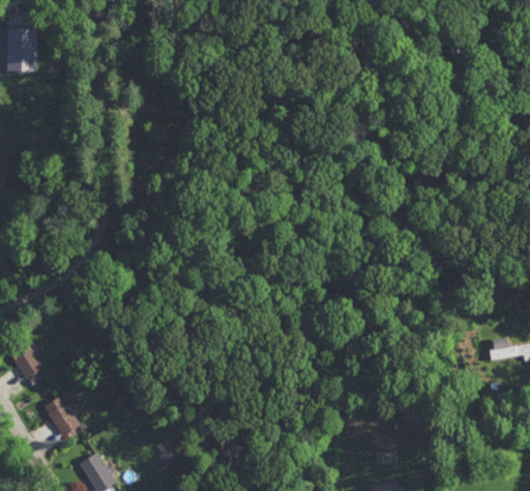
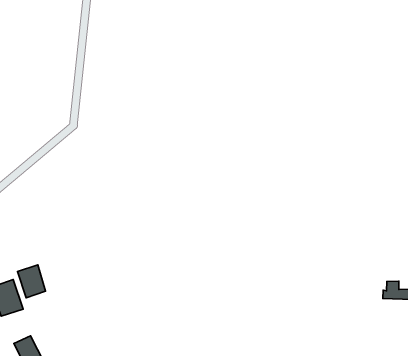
building: none -> [18,265,45,298]

